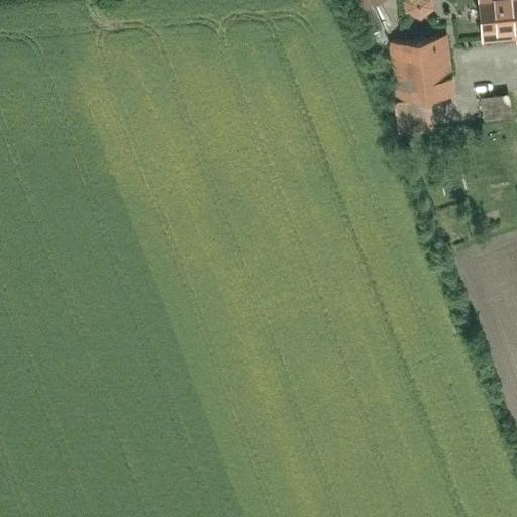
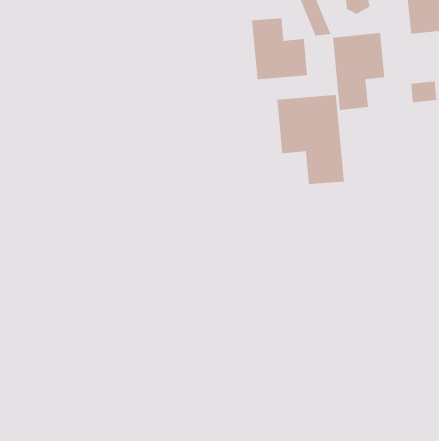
building: none -> [251,17,308,80]
building: none -> [276,94,345,185]

